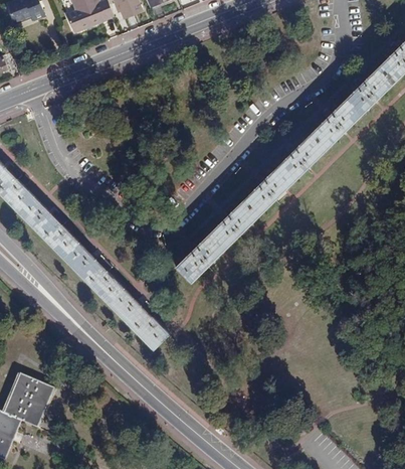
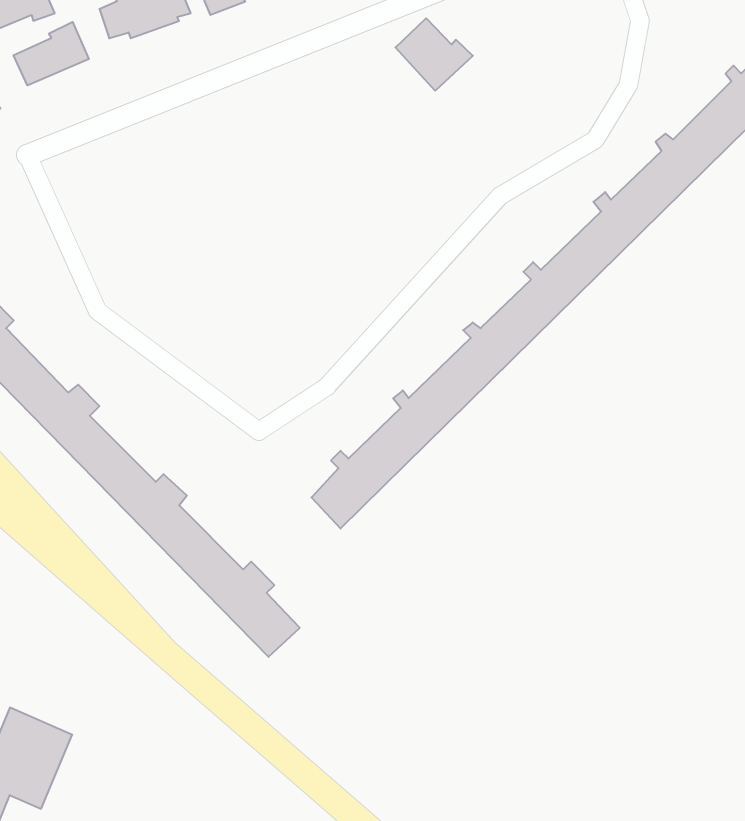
building: none -> [395,18,473,91]
building: none -> [14,22,89,85]

